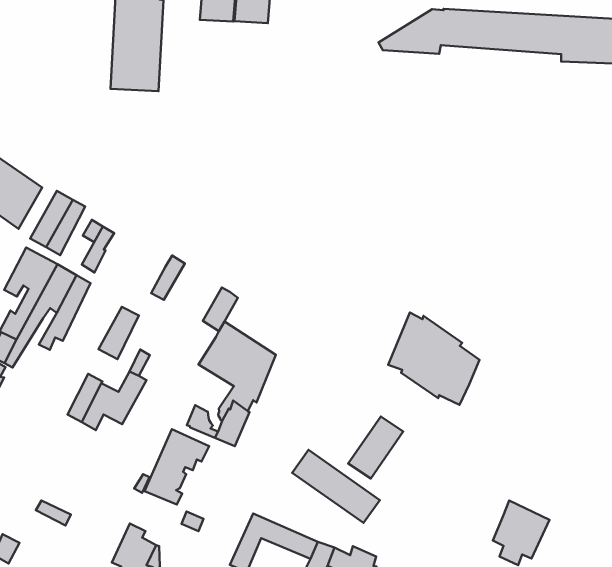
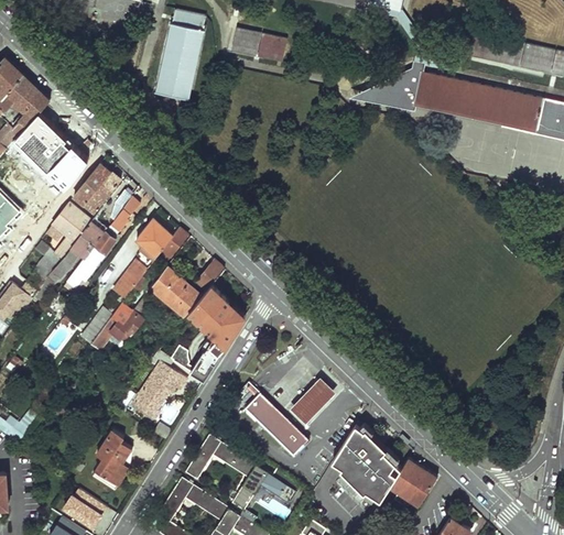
building: none -> [133,219,173,259]
building: none -> [149,266,203,318]
building: [388,312,479,405] -> [330,424,401,501]

